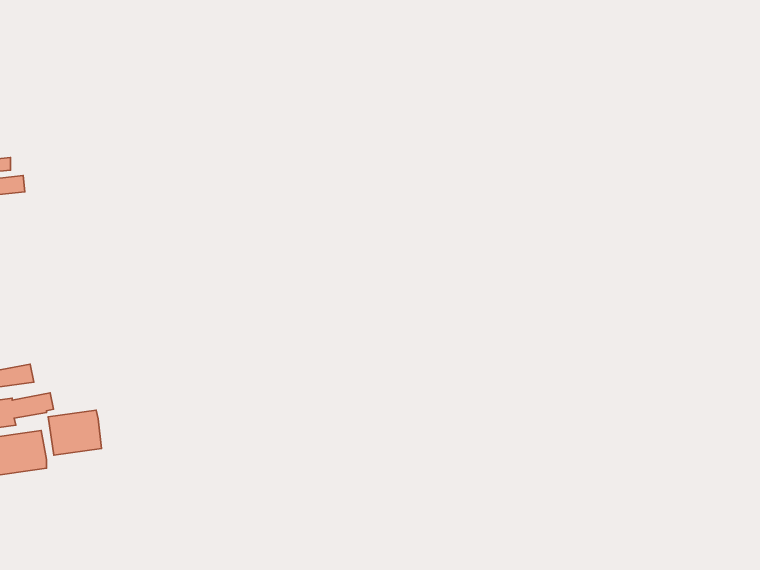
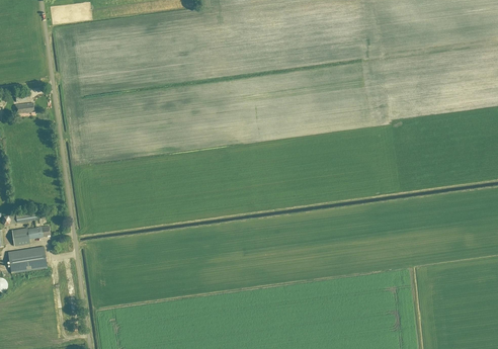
building: [48,410,102,455] -> none

